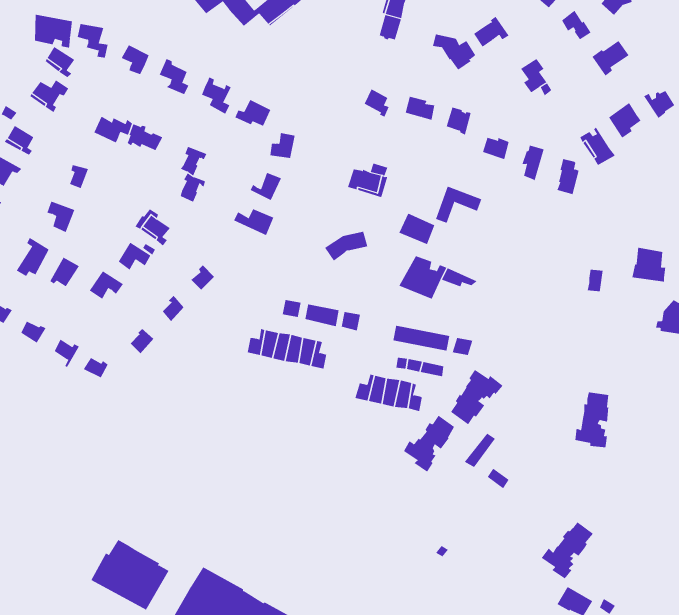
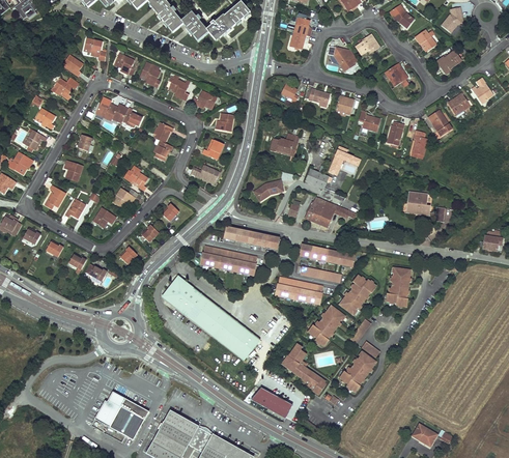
building: [34,14,73,48] -> none
building: [631,247,666,282] -> [404,191,428,214]
building: none -> [161,279,259,360]
building: [574,392,609,448] -> [385,267,408,306]
building: none -> [281,343,326,394]
building: [541,522,594,579] -> [338,351,374,391]
building: none -> [251,389,291,421]

